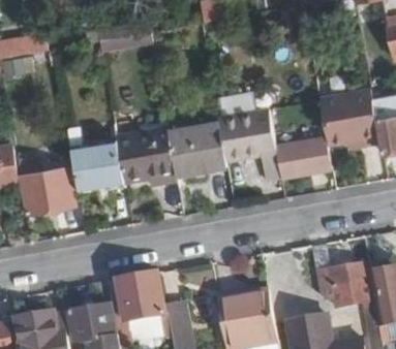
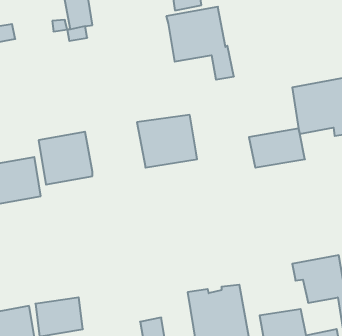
building: [216,108,282,180] -> [166,7,234,80]
building: [114,124,175,182] -> none
building: [119,272,164,319] -> none

